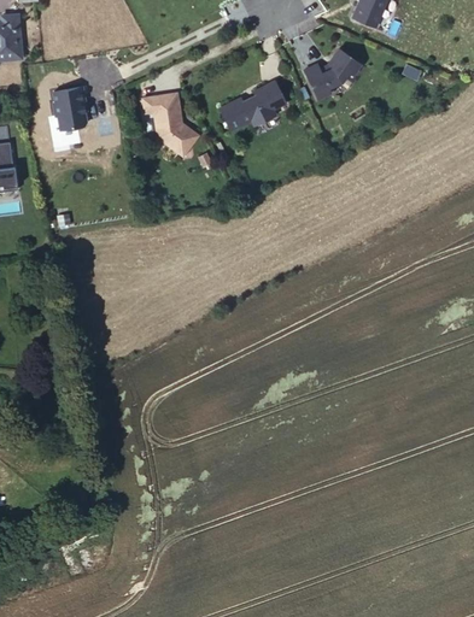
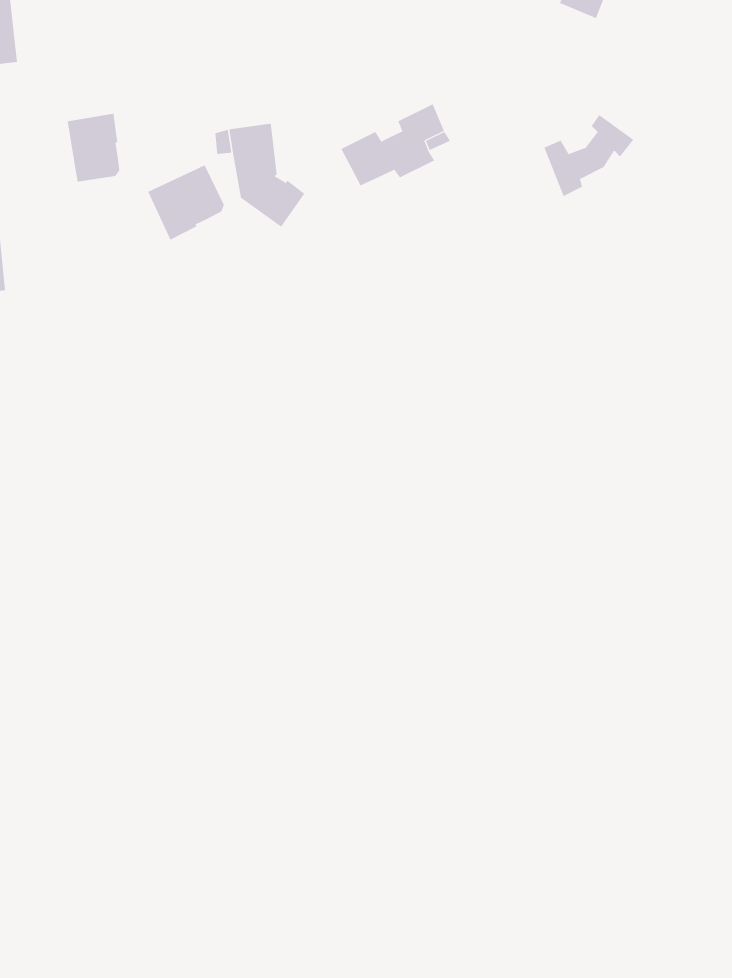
building: [306,48,362,99] -> [544,114,634,197]
building: none -> [147,164,225,240]

